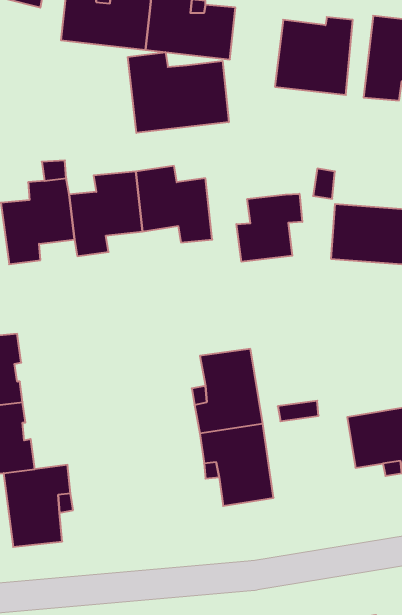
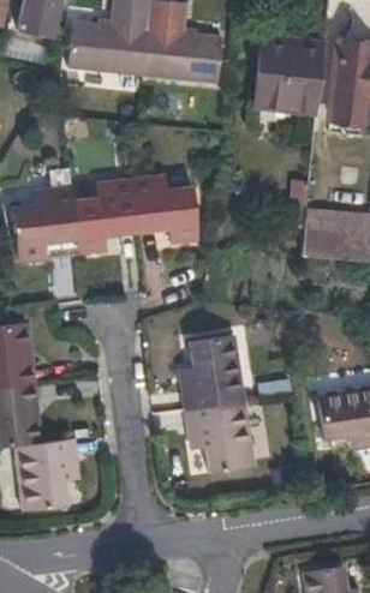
building: [128,52,229,133] -> none
building: [236,194,302,262] -> none

